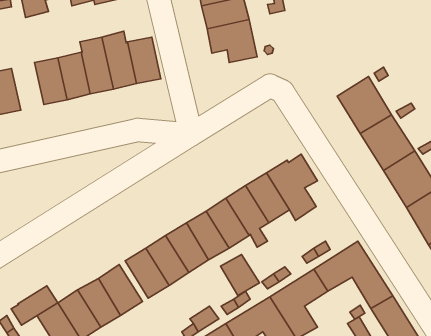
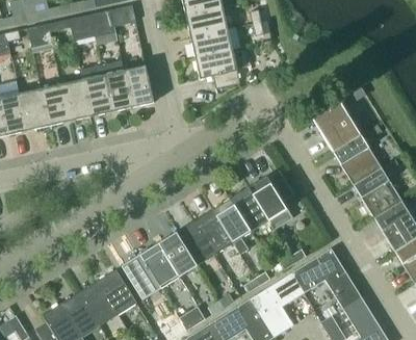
building: none -> [20,88,49,131]
building: [221,255,259,296] -> none
building: [11,286,58,325] -> none

